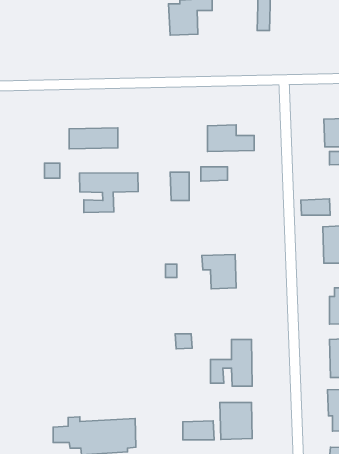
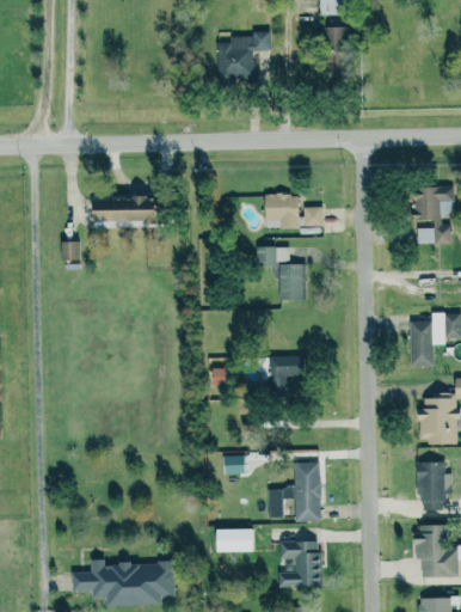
building: [170,172,189,201] -> [279,264,303,300]
building: [80,173,138,213] -> none
building: [301,199,330,215] -> none
building: [183,421,214,440] -> [216,528,256,552]

